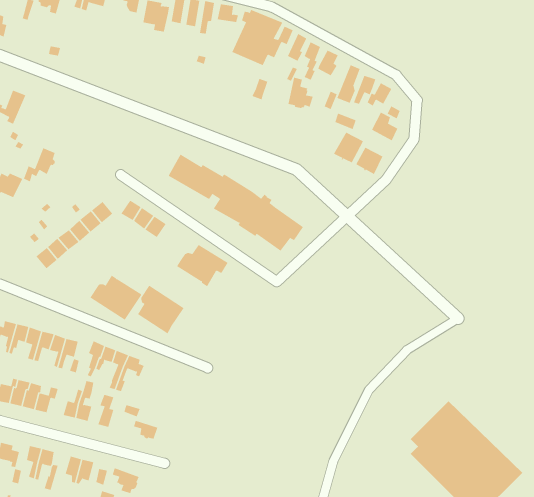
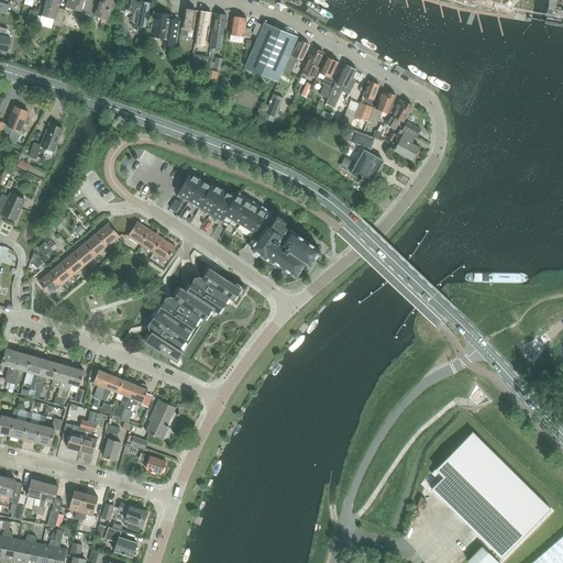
building: [288,77,313,109] -> none
building: [356,147,383,175] -> none
building: [23,148,56,182] -> [27,122,62,158]
building: [89,274,142,321] -> [156,286,211,334]
building: none -> [145,399,175,439]

